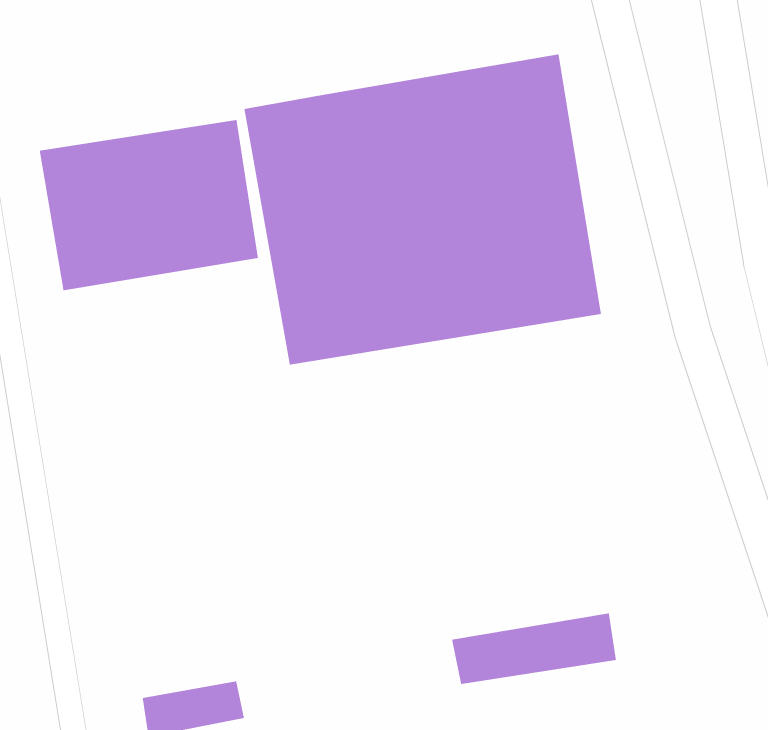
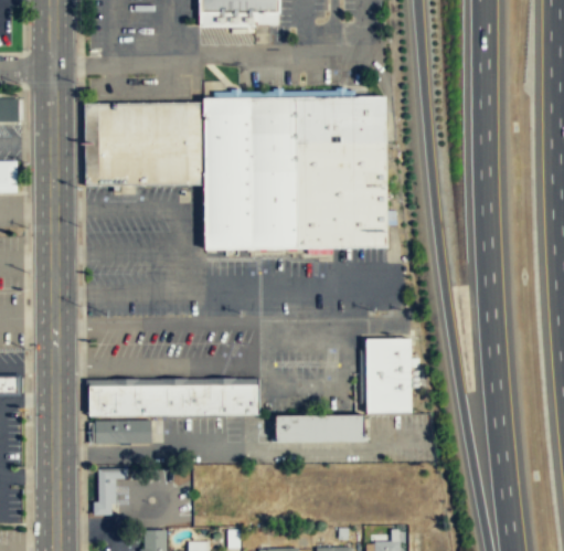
building: none -> [365,338,411,413]
building: none -> [87,384,258,416]

